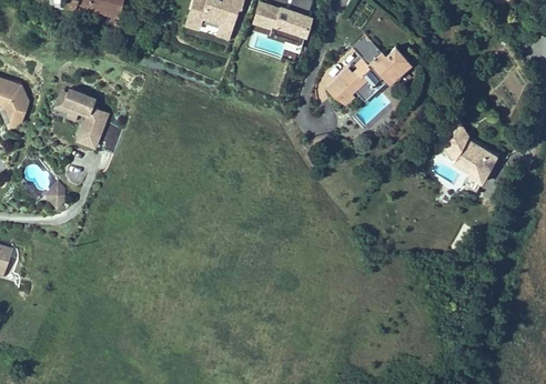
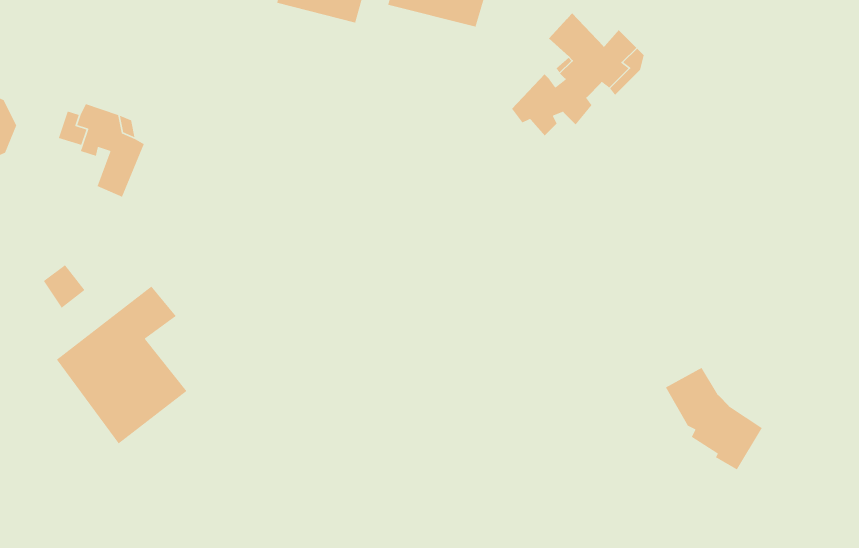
building: [436,121,495,183] -> [665,367,763,471]
building: none -> [56,285,188,444]

